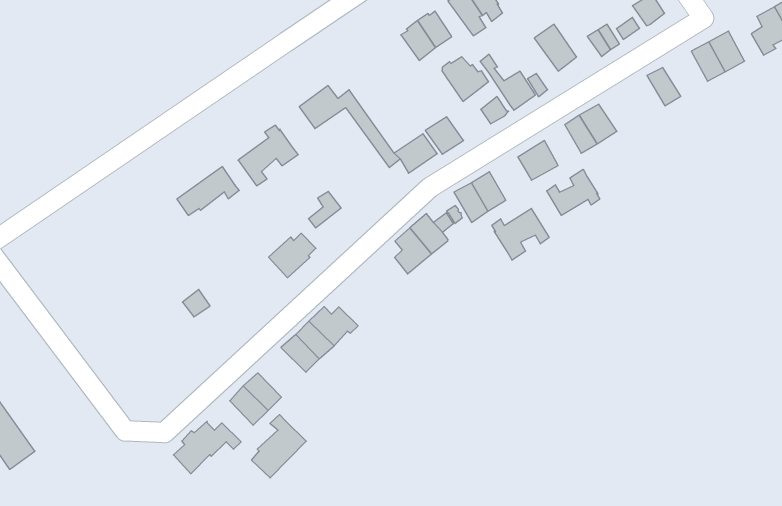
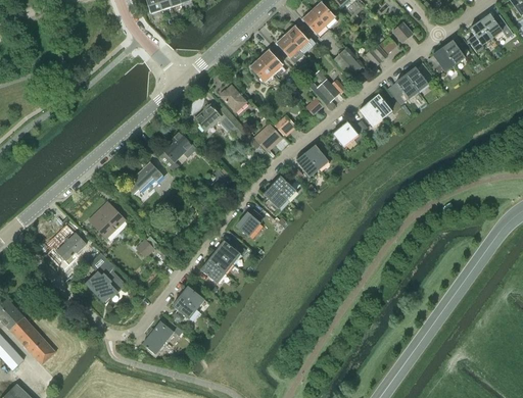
building: [442,57,489,101] -> [220,86,249,113]
building: none -> [388,73,419,106]
building: [547,169,600,215] -> none
building: [492,208,549,260] -> none
building: none -> [88,202,125,238]
building: [269,233,316,278] -> [235,209,264,238]
building: none -> [56,233,86,261]
building: none -> [89,253,126,302]
building: [252,415,306,478] -> none

